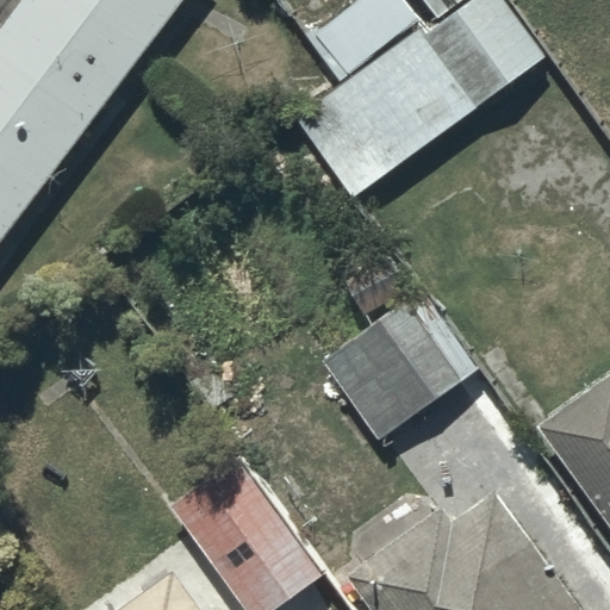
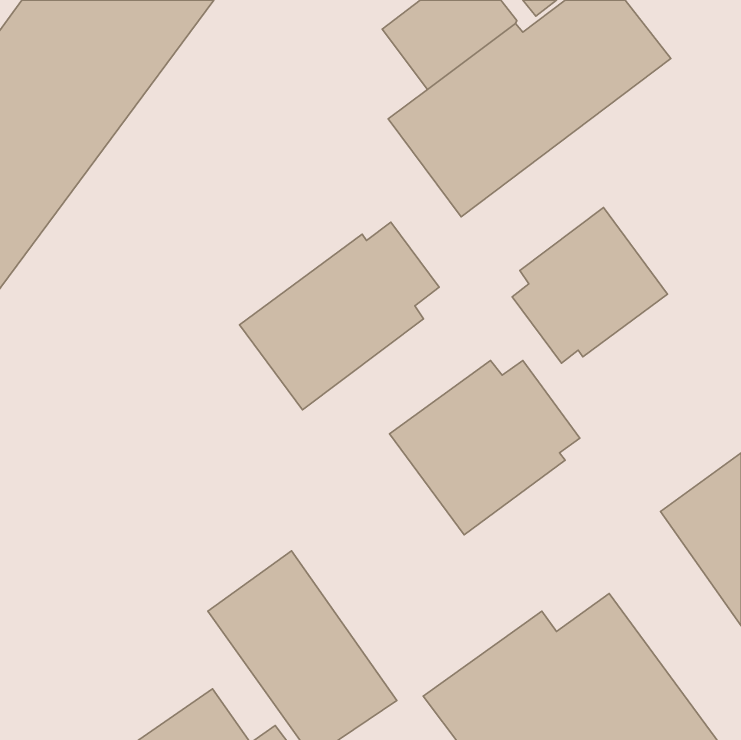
building: none -> [512,208,668,363]
building: none -> [239,222,439,410]

